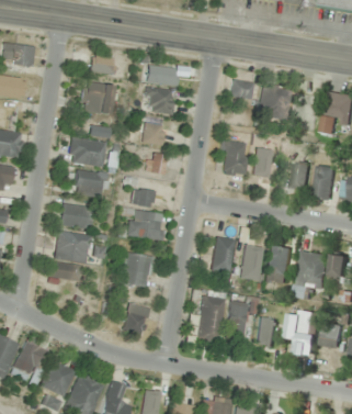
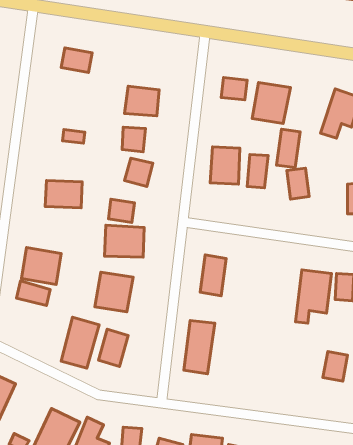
building: [147,66,175,85] -> none
building: [79,81,113,115] -> none
building: [67,137,105,168] -> none
building: [314,165,334,199] -> [276,129,300,168]
building: [59,204,93,230] -> none
building: [239,244,264,282] -> none
building: [265,244,291,284] -> none
building: none -> [61,317,99,368]
building: [227,301,251,339] -> none
building: [287,312,318,354] -> none
building: [257,317,276,347] -> none
building: [41,361,75,398] -> none

